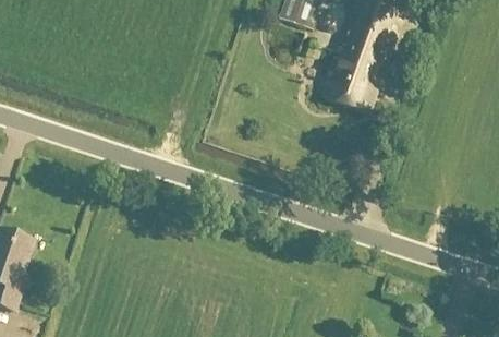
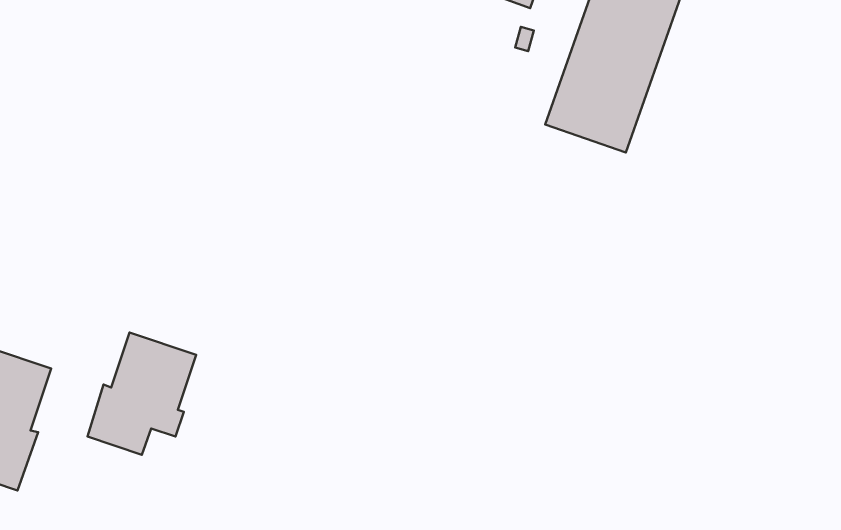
building: none -> [87,333,196,455]

